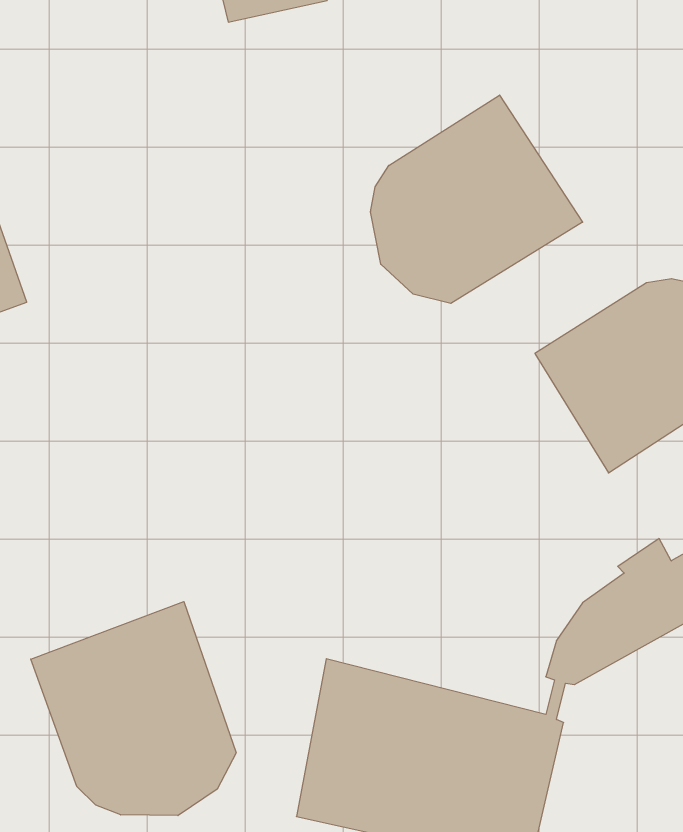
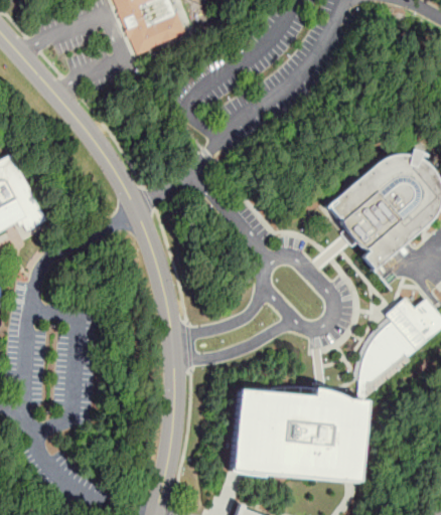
building: [371,95,583,303] -> none
building: [31,602,236,816] -> none

